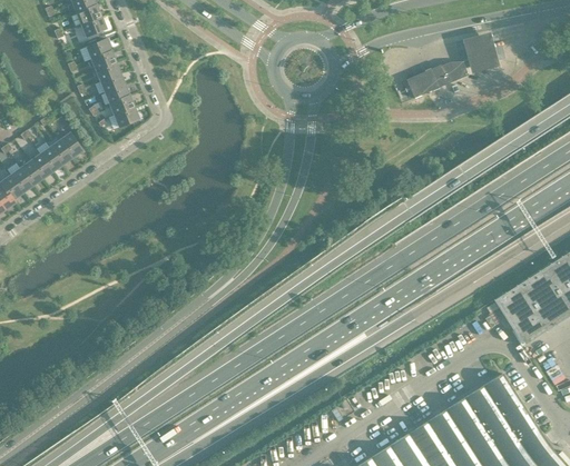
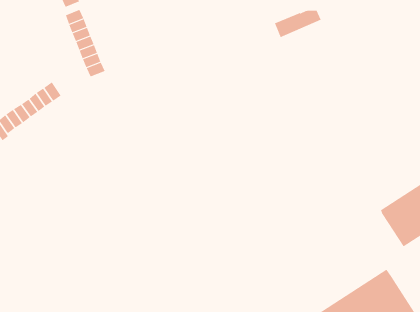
building: [463,33,500,76] -> none
building: [405,63,466,99] -> [274,10,322,38]

